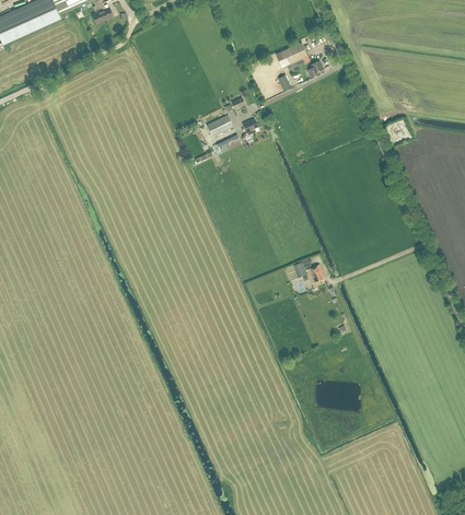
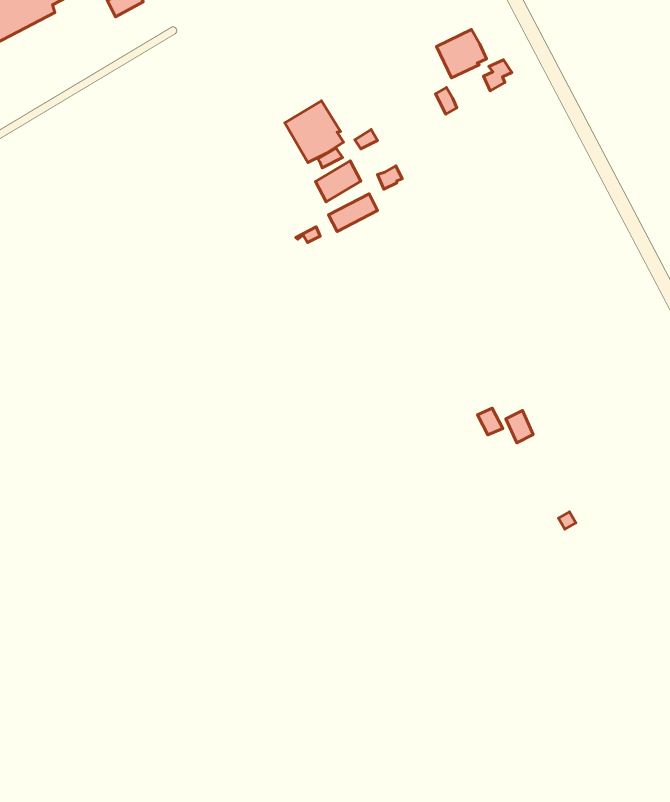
building: none -> [285,101,343,162]

